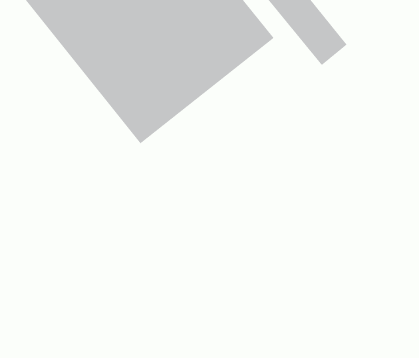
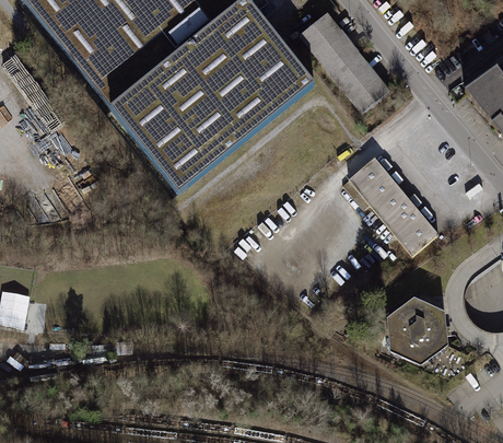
building: none -> [343,156,438,254]
building: none -> [388,296,447,362]

